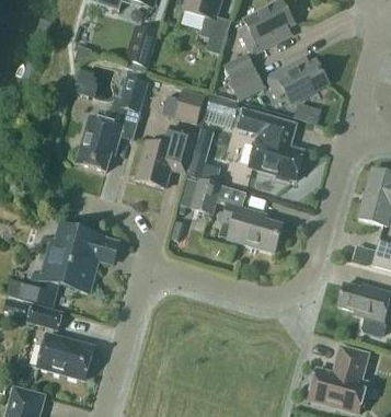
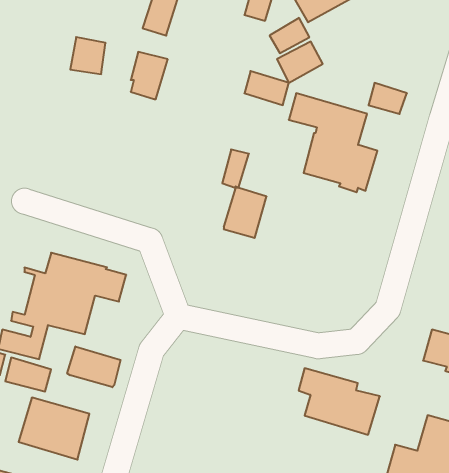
building: [266,58,329,103] -> none
building: [173,89,205,123] -> none
building: [76,116,122,171] -> none
building: [136,125,196,187] -> none
building: [222,202,283,252] -> [299,368,380,435]
building: none -> [67,346,121,387]

